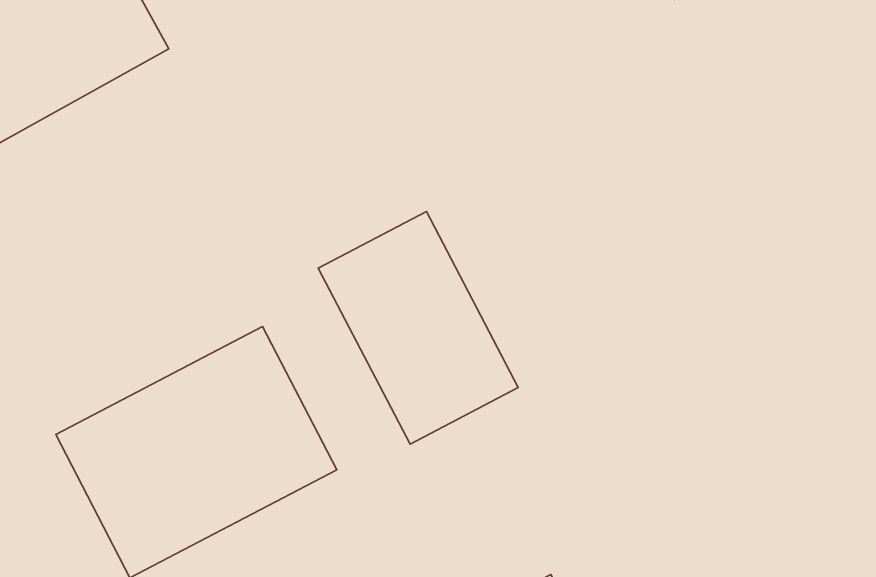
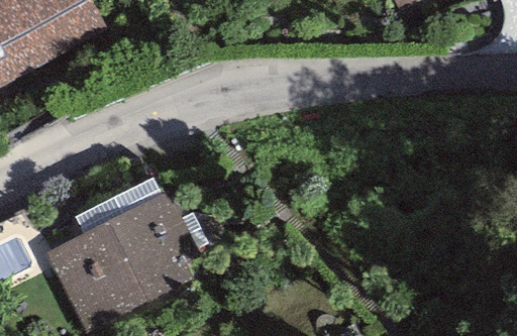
building: [318,211,518,444] -> none

